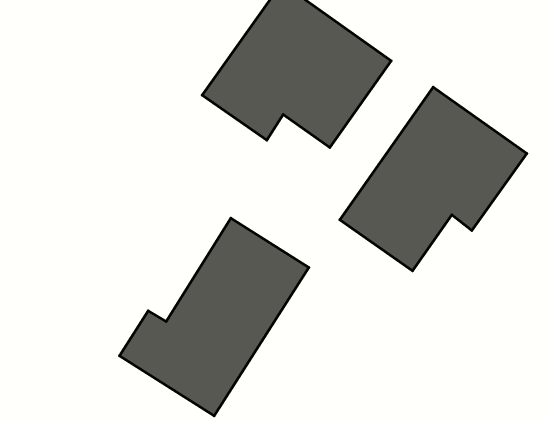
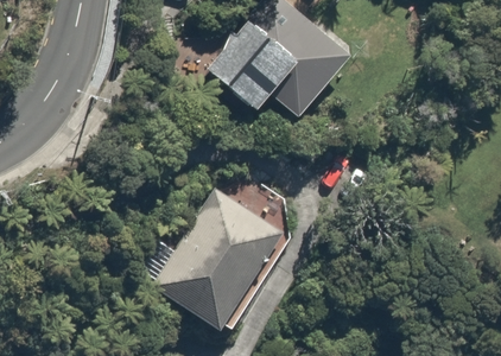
building: [340,87,527,271] -> none

